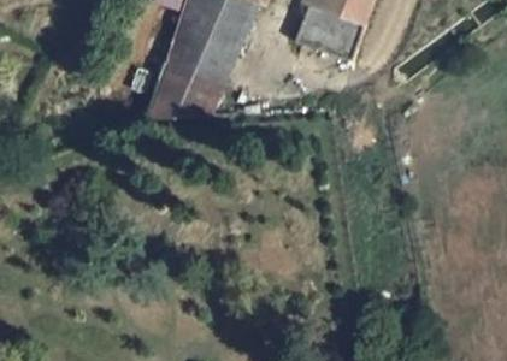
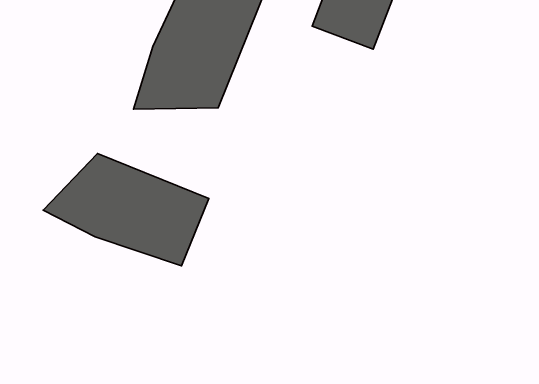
building: none -> [43,154,209,266]

